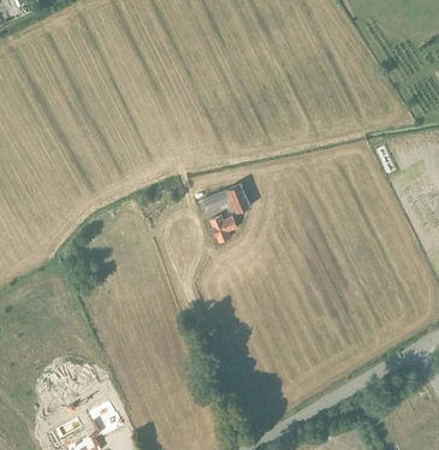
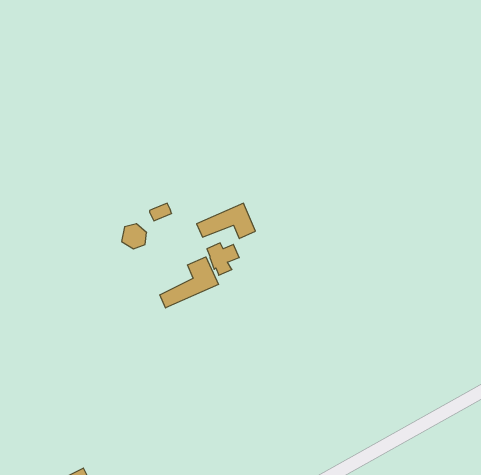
building: none -> [160,257,219,308]

